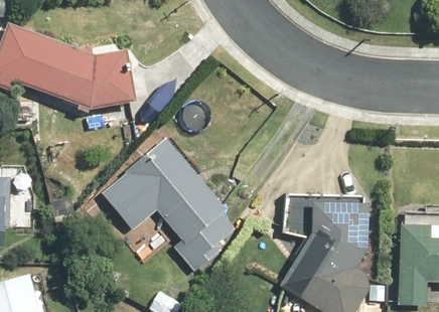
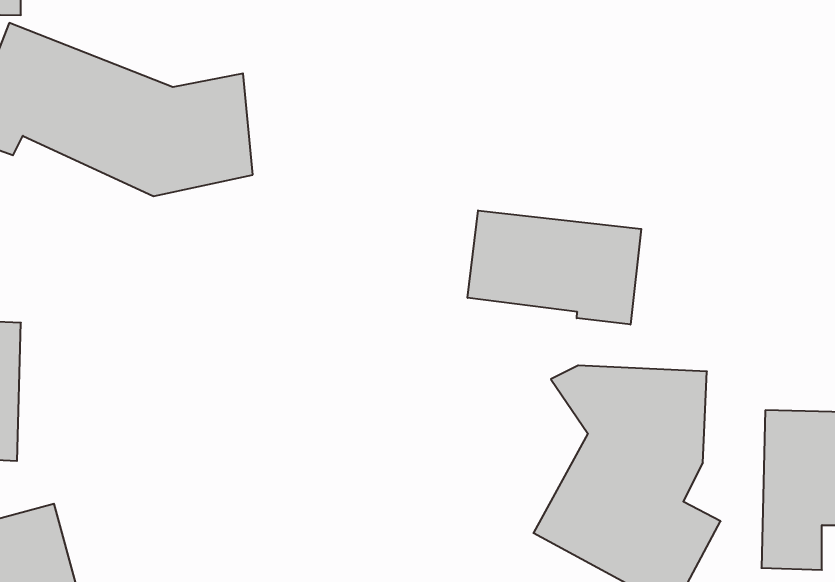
building: none -> [468,210,641,325]
building: [101,138,237,270] -> none

